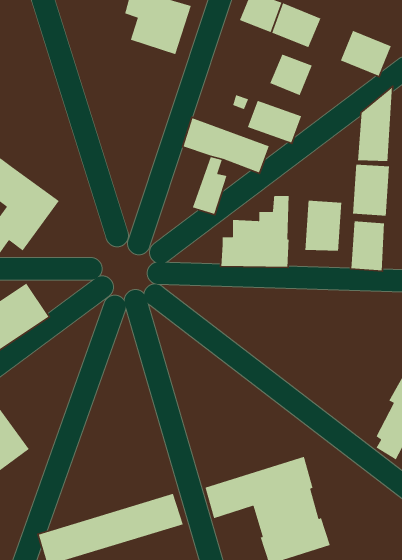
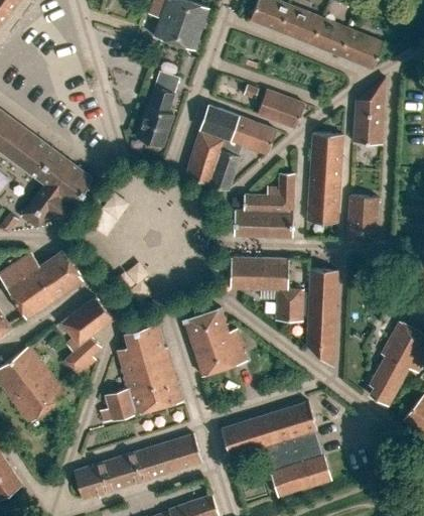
building: [269,54,313,96] -> [311,18,349,55]
building: none -> [137,71,179,146]
building: none -> [186,131,225,184]
building: [352,164,390,217] -> [310,133,343,179]
building: none -> [231,258,303,321]
building: none -> [305,270,336,368]
building: none -> [60,296,114,376]
building: none -> [183,307,247,376]
building: none -> [106,324,182,421]

